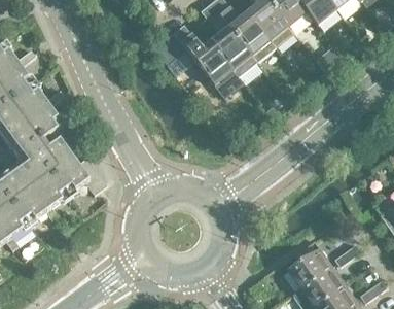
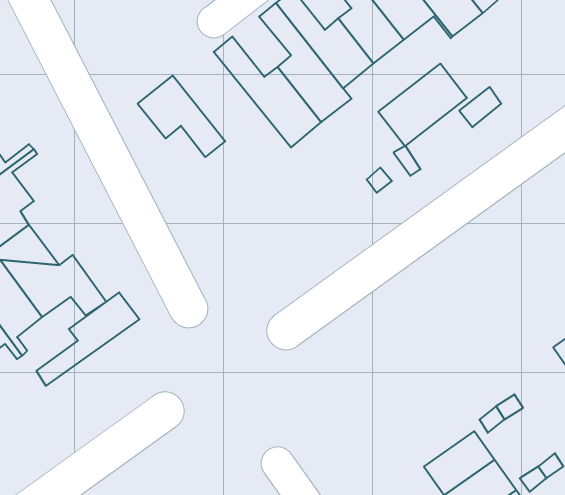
building: none -> [378,64,467,146]
building: none -> [138,75,225,157]
building: none -> [36,292,139,386]
building: [287,246,331,287] -> none

